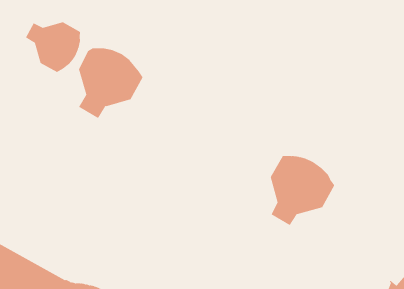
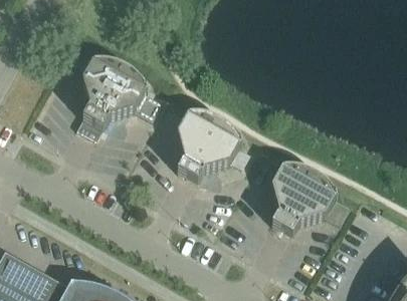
building: [25,21,81,73] -> none
building: none -> [177,112,241,182]

